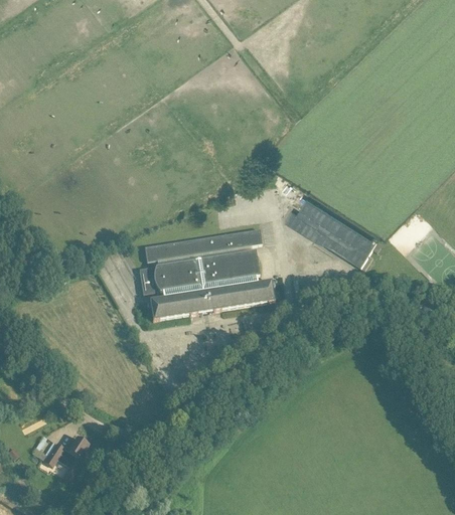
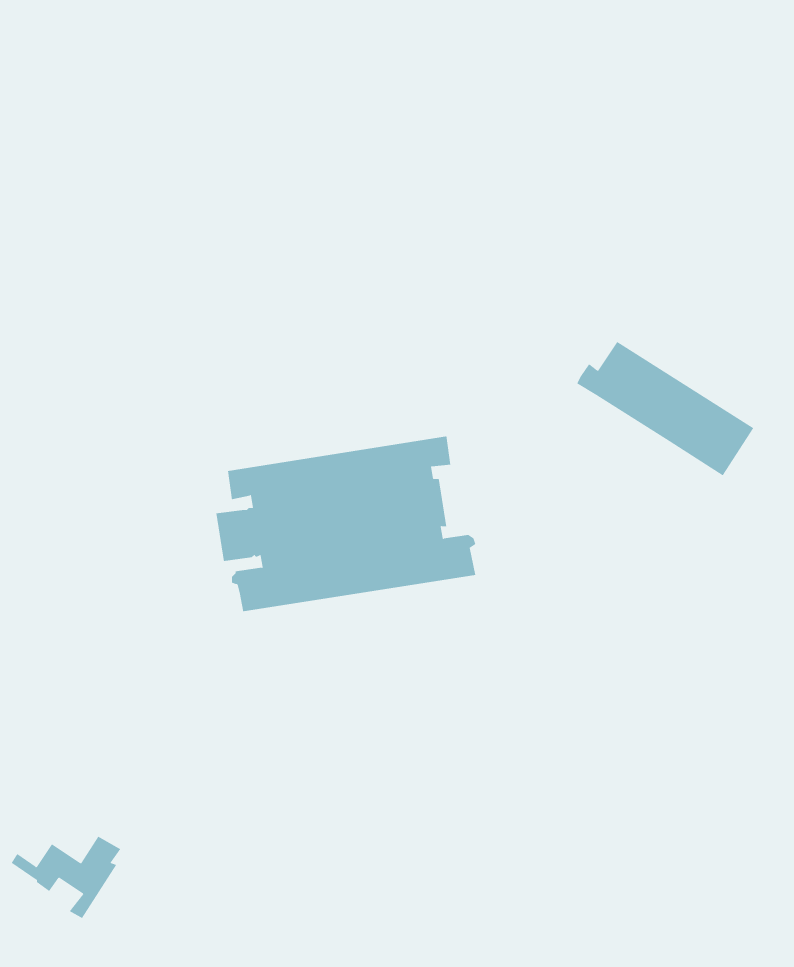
building: [283,197,375,268] -> [576,341,754,476]

